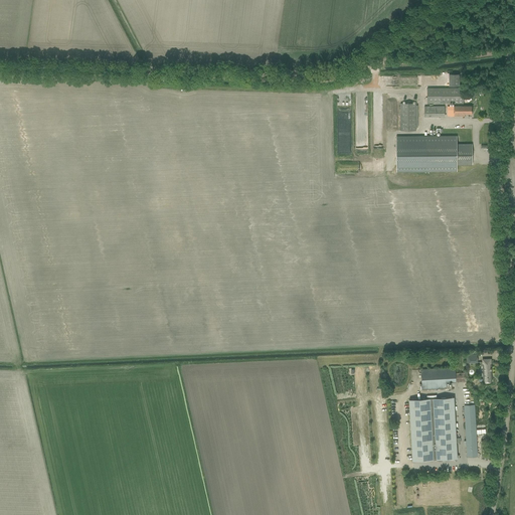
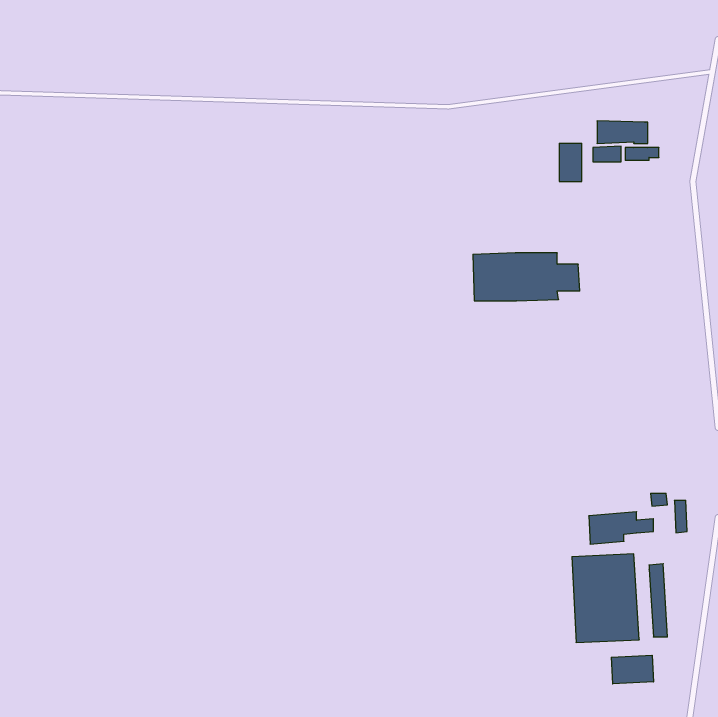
building: [396,136,473,170] -> [473,253,580,301]
building: none -> [611,655,653,684]

